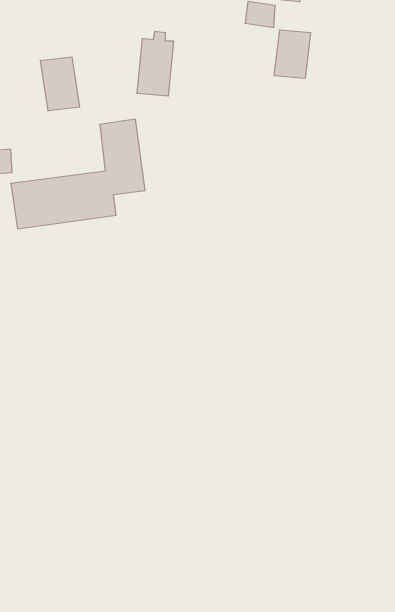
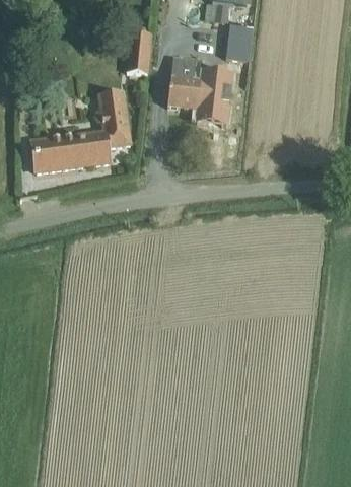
building: [40,57,80,111] -> none
building: none -> [167,56,243,114]

